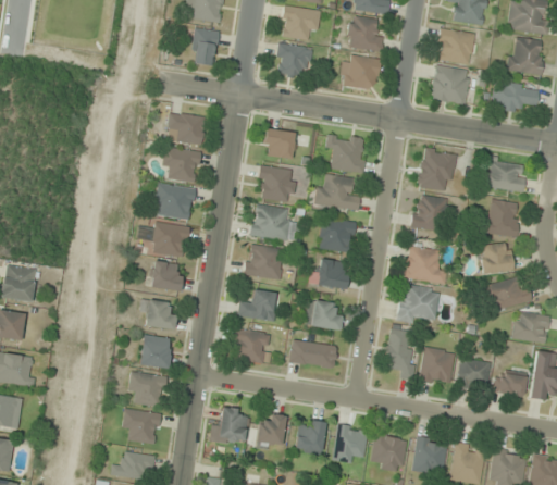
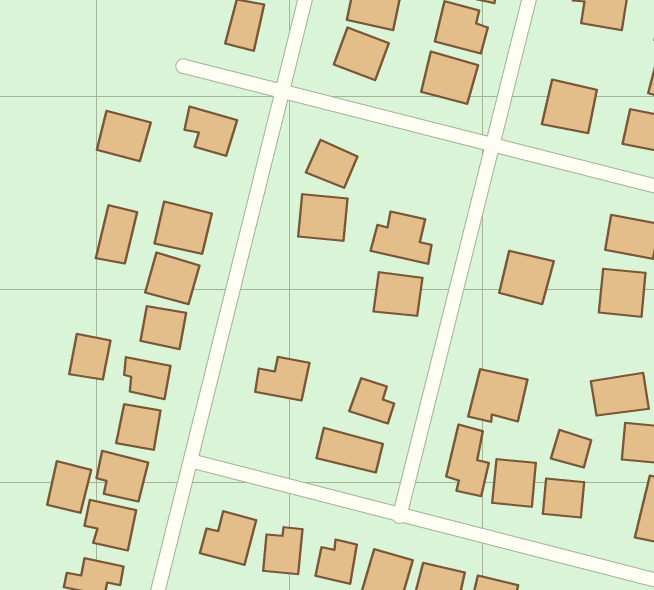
building: [437,29,475,64] -> none
building: [326,135,366,173] -> none
building: [163,148,201,183] -> [97,111,151,161]
building: [418,148,457,192] -> none
building: none -> [96,205,137,263]
building: [251,206,296,241] -> none
building: [246,245,284,279] -> none
building: [482,245,511,273] -> none
building: [406,247,446,283] -> none
building: [319,261,348,287] -> none
building: none -> [69,334,110,380]
building: [233,329,271,363] -> none
building: [498,372,527,398] -> [551,430,591,468]
building: none -> [47,461,91,513]

